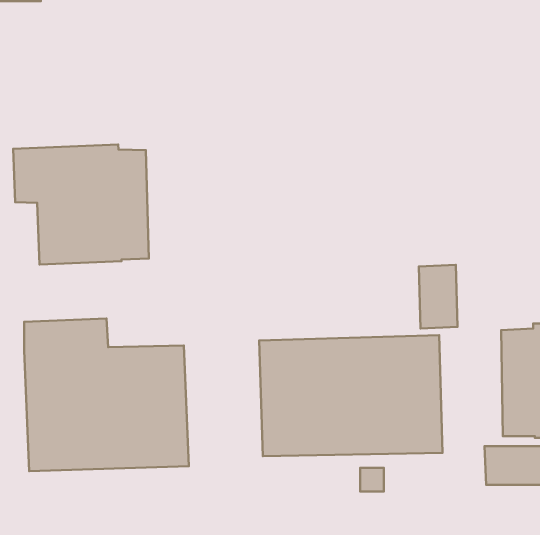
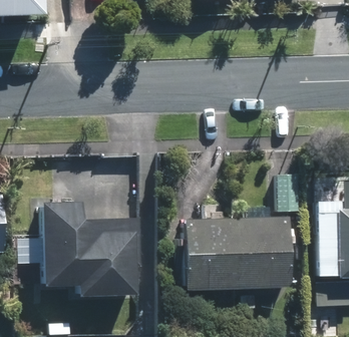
building: [13,145,149,265] -> none

